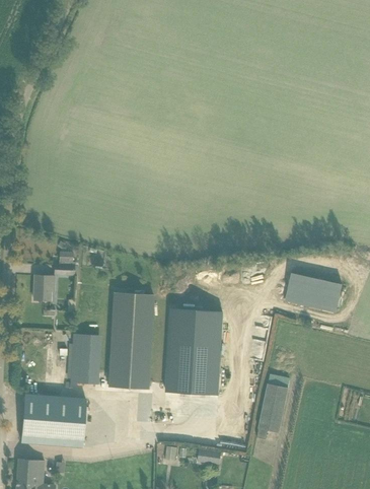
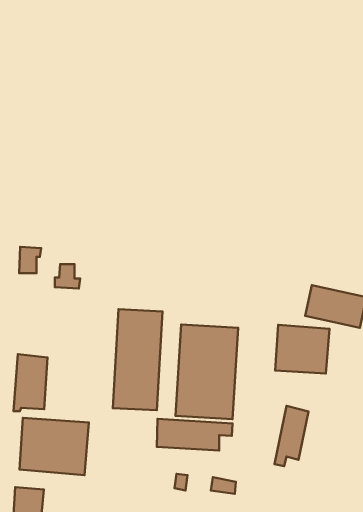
building: [33,276,54,300] -> [19,247,41,273]
building: none -> [275,325,329,373]
building: [69,334,100,387] -> [13,354,47,411]
building: none -> [157,419,232,451]

